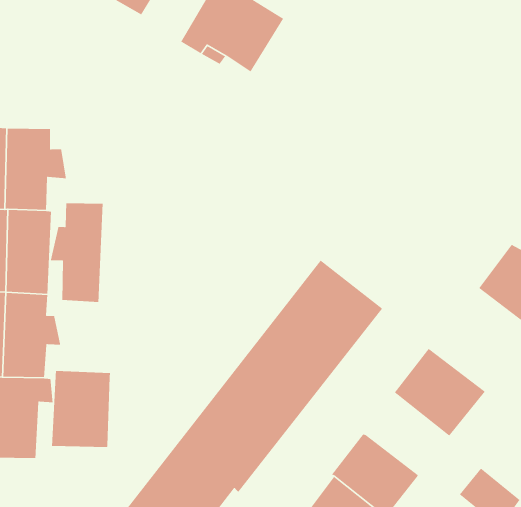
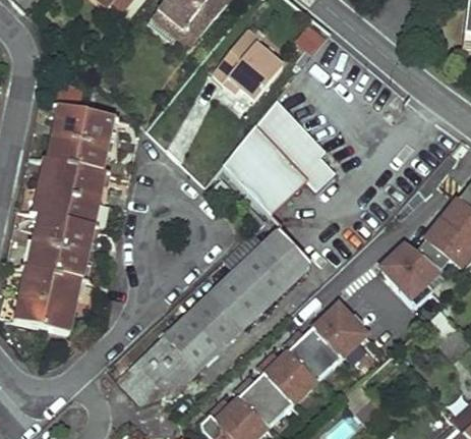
building: none -> [224,98,338,217]
building: [50,202,103,303] -> none
building: [51,370,111,448] -> none
building: none -> [289,325,342,379]

